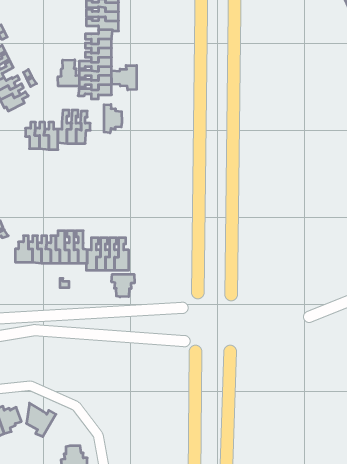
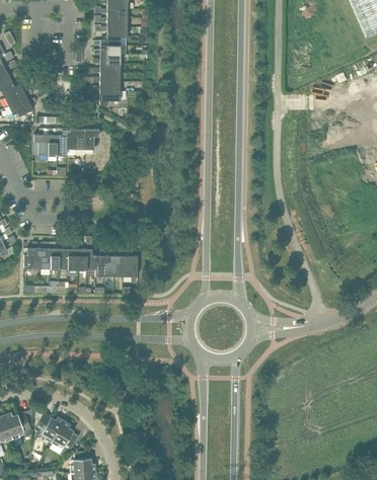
building: [58,60,79,86] -> none
building: [112,65,137,90] -> none
building: [104,104,122,133] -> none
building: [112,274,134,297] -> none
building: none -> [51,419,78,448]

